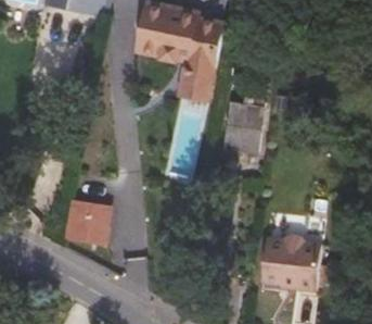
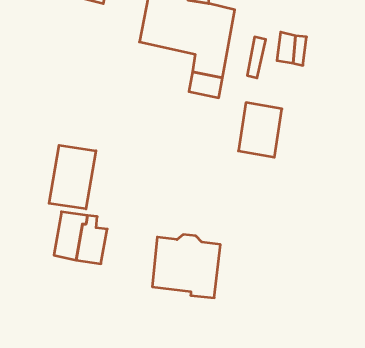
building: none -> [49,145,96,209]
building: [260,233,320,288] -> [152,235,220,298]

